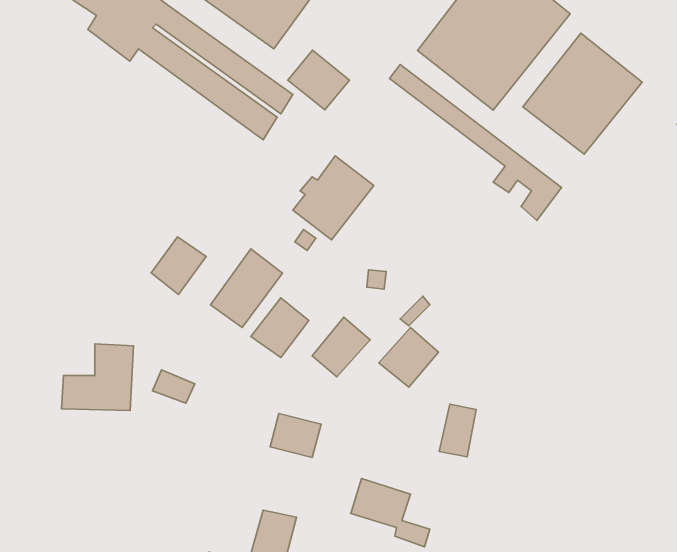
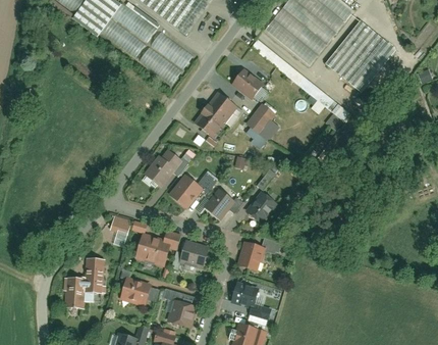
building: [288,50,349,110] -> [230,67,266,102]
building: none -> [245,103,279,141]
building: [151,237,206,294] -> none
building: [62,344,134,411] -> [67,256,109,295]
building: none -> [136,231,179,265]
building: [439,404,476,457] -> [239,240,261,270]
building: none -> [120,278,153,305]

